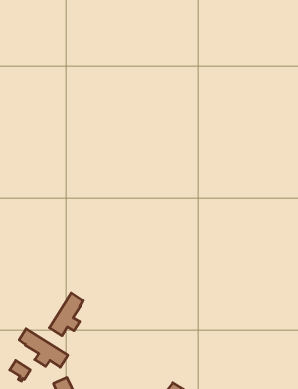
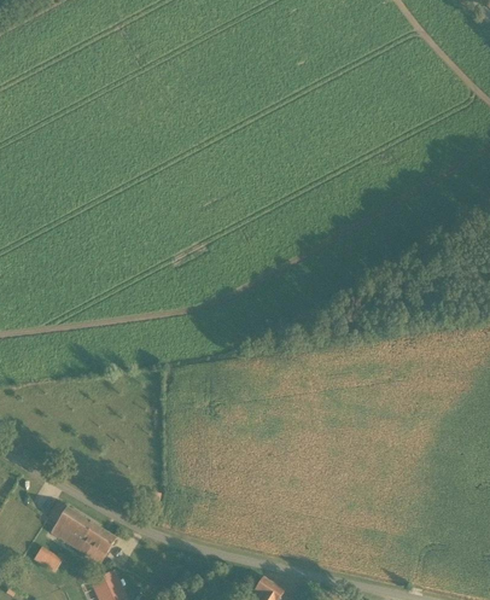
building: [49,293,83,336] -> none

